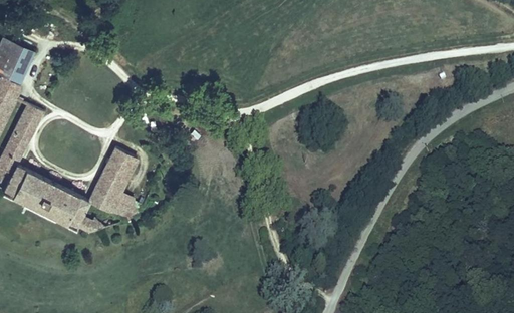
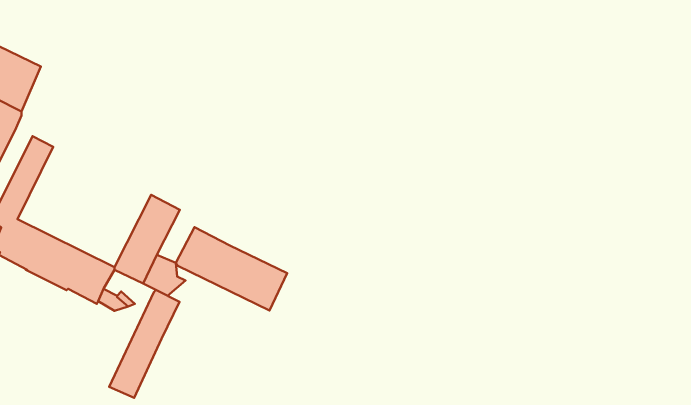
building: none -> [176,227,287,311]
building: none -> [109,290,180,398]

